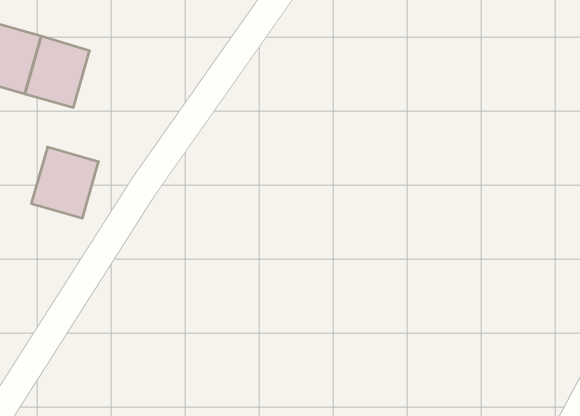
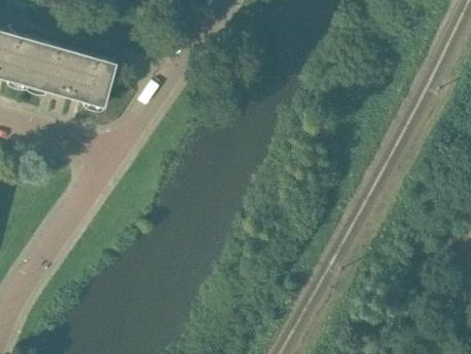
building: [31,147,99,218] -> [64,48,115,103]

